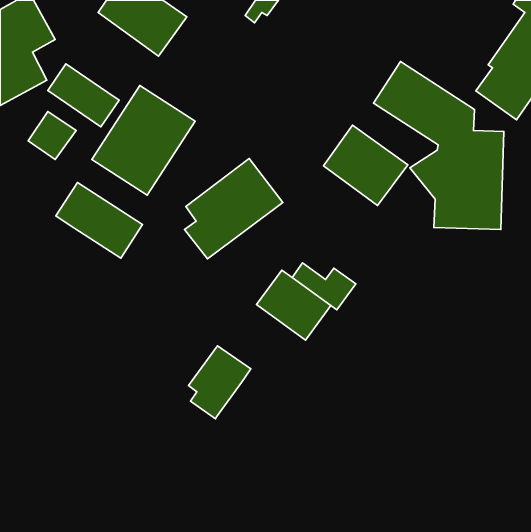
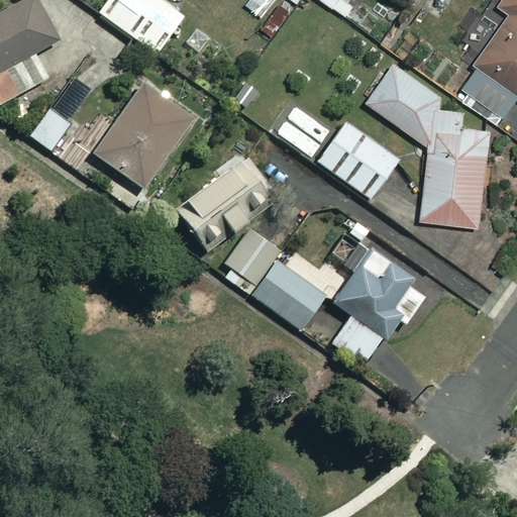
building: [48,64,119,127] -> none
building: [56,182,142,258] -> none
building: none -> [327,235,422,366]
building: [188,346,251,419] -> [223,227,284,298]

